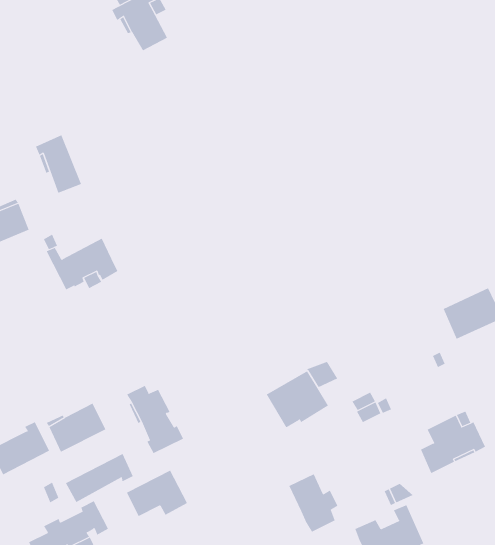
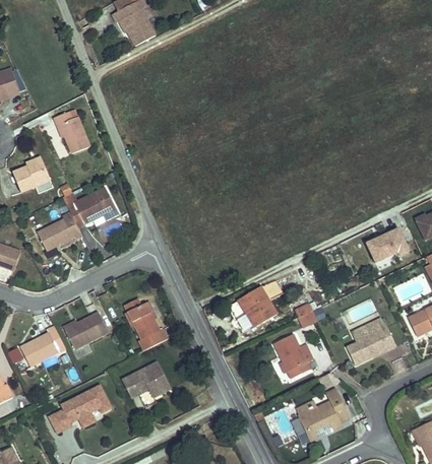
building: none -> [37,213,81,251]
building: [65,453,133,503] -> none
building: [289,474,338,533] -> [273,334,311,379]

